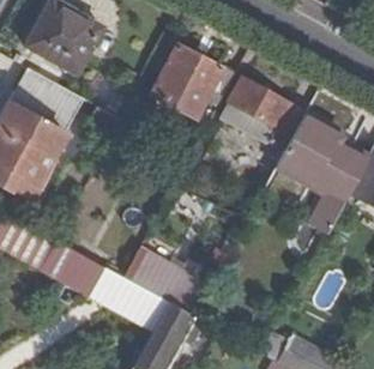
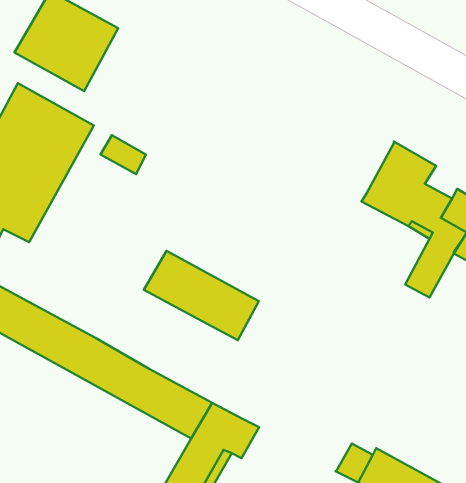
building: [150,42,234,116] -> none
building: [222,78,304,149] -> none
building: [123,249,209,315] -> [144,251,259,340]

